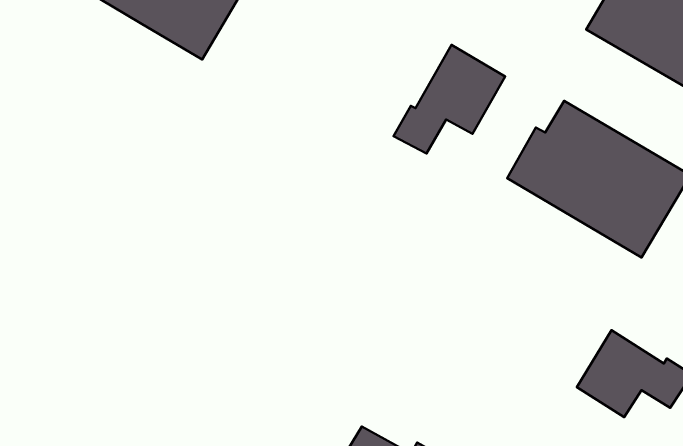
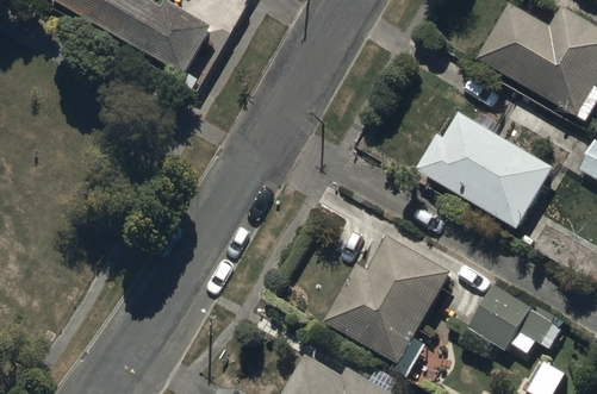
building: [393,45,505,153] -> none
building: none -> [322,234,450,362]

